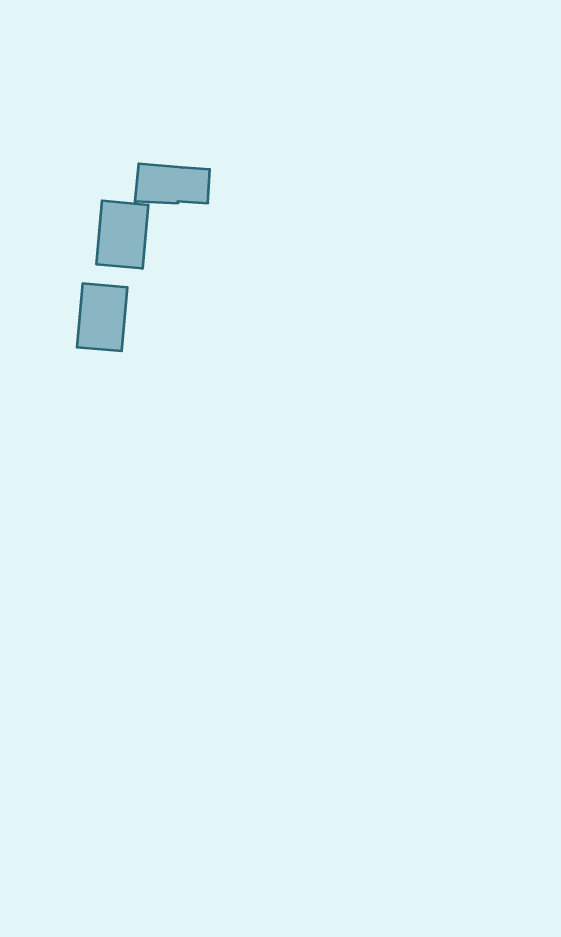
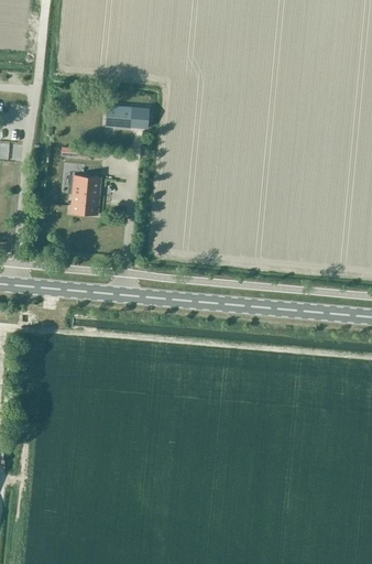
building: [97,201,148,269] -> none

